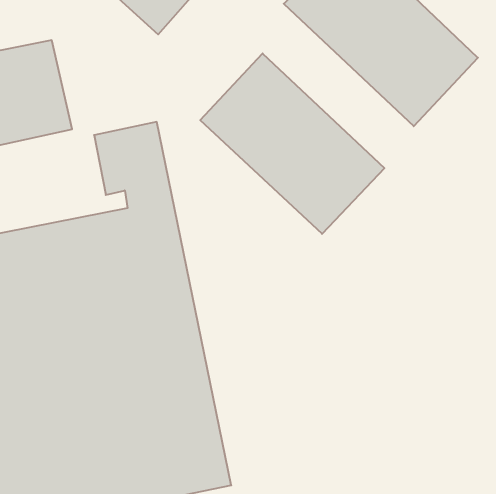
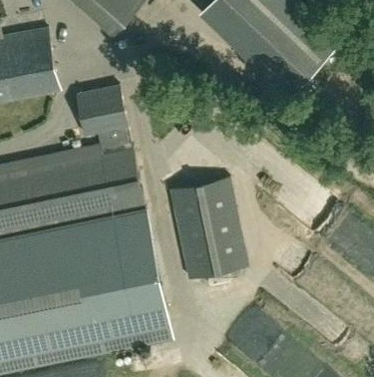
building: [200,53,384,234] -> none
building: none -> [169,178,248,280]

